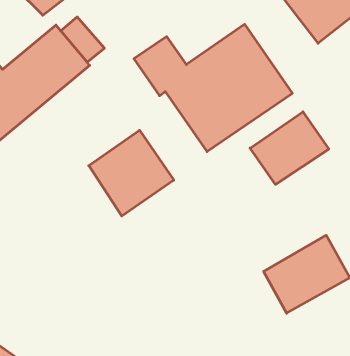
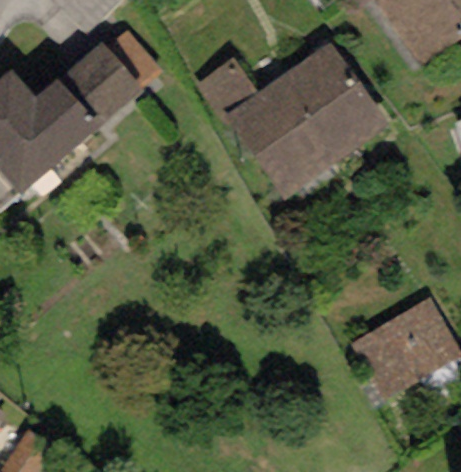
building: [250,112,329,184] -> none
building: [89,130,174,216] -> none

